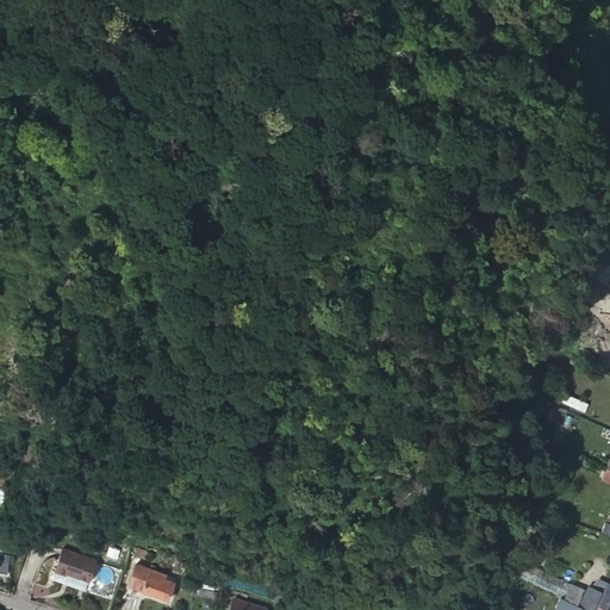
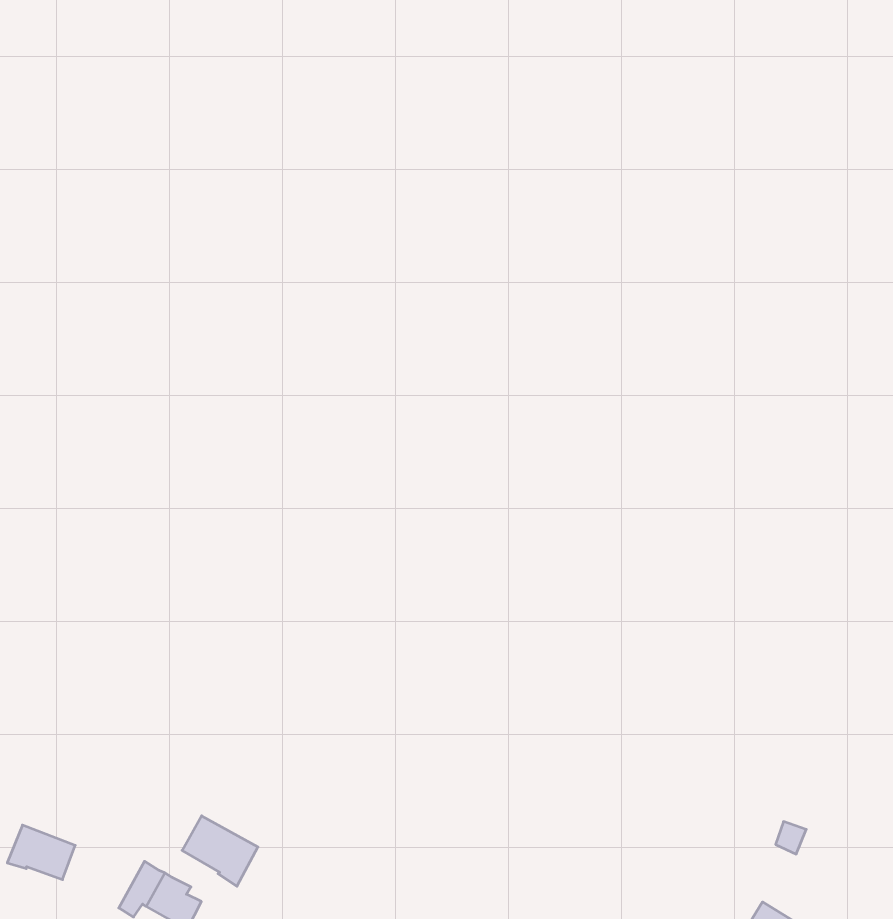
building: none -> [182,816,258,886]

